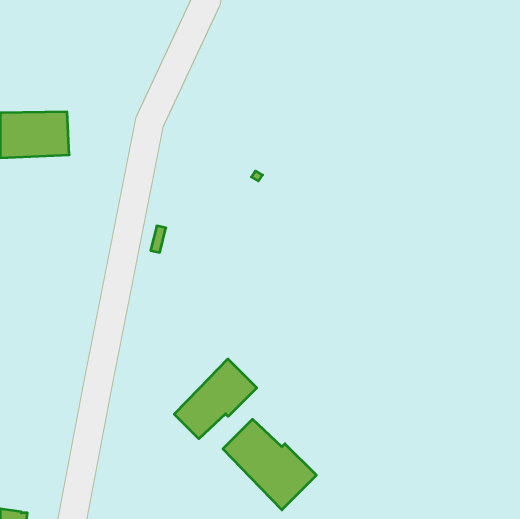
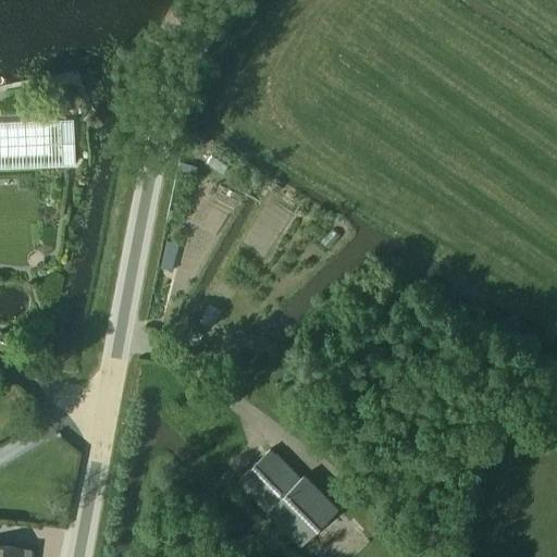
building: [174,359,257,439] -> none

